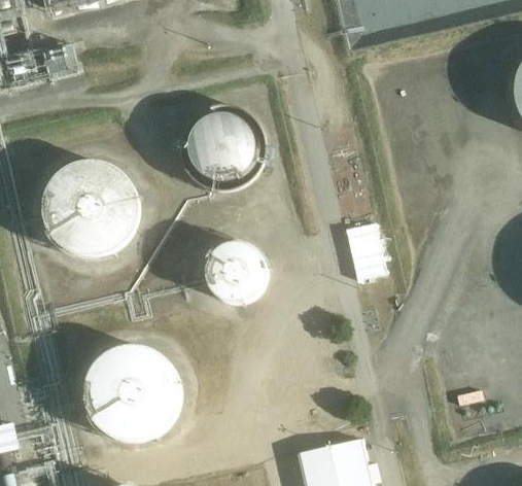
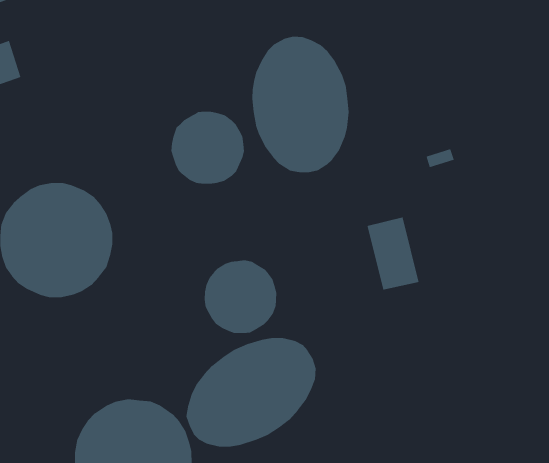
building: none -> [251,36,350,173]
building: none -> [186,337,316,447]

